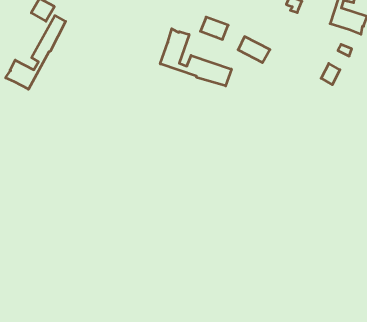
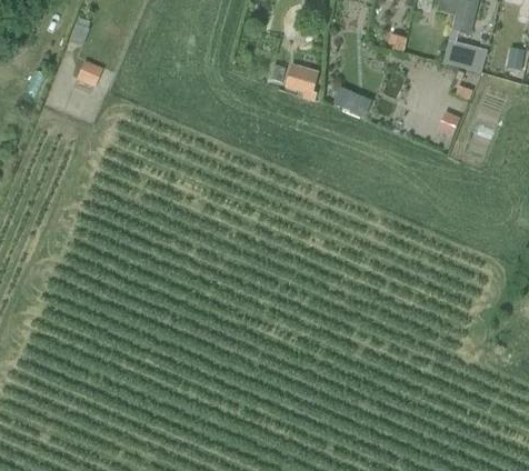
building: [6,16,66,89] -> none
building: [160,29,231,86] -> none

